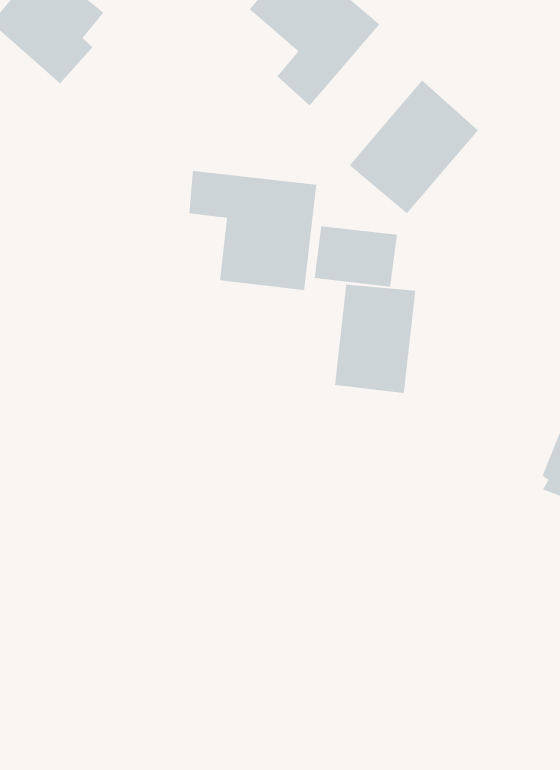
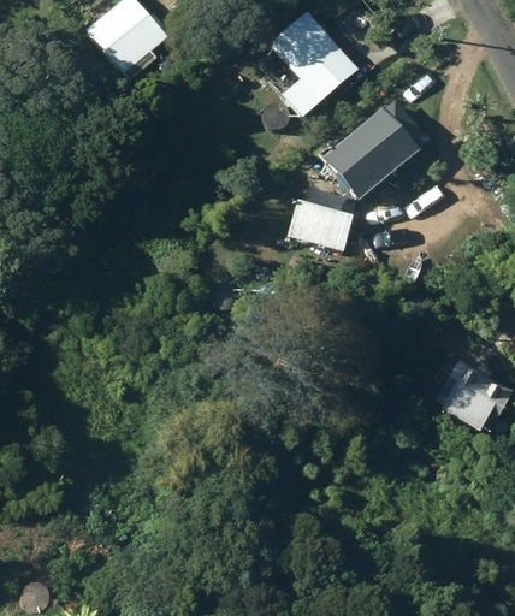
building: [189,170,317,291] -> none
building: [334,284,416,394] -> none

